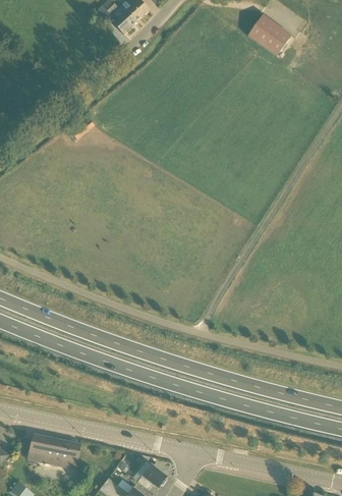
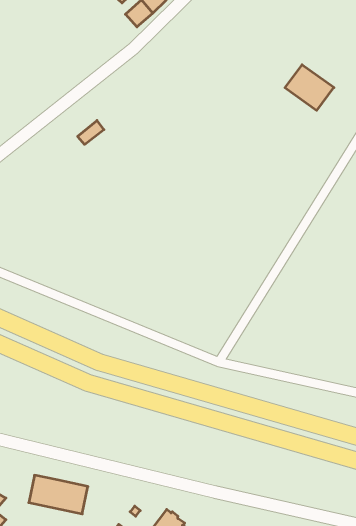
building: [248,15,292,56] -> [285,65,334,110]

